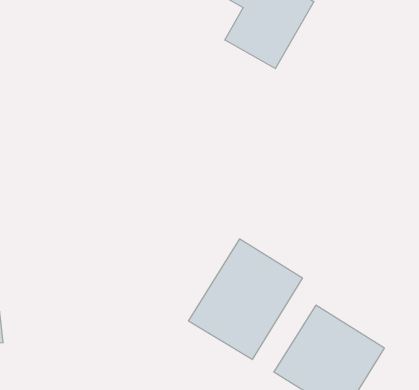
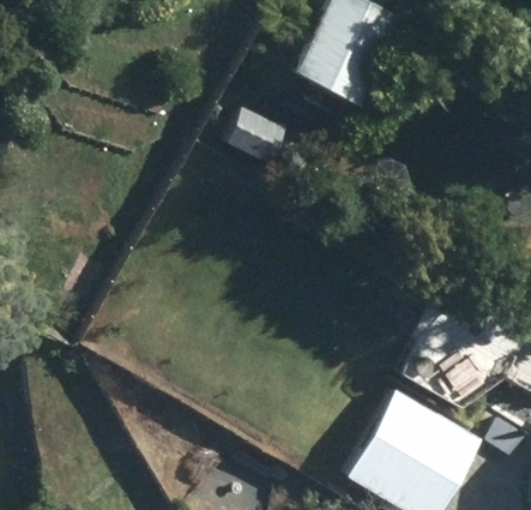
building: [189,239,302,360] -> none

